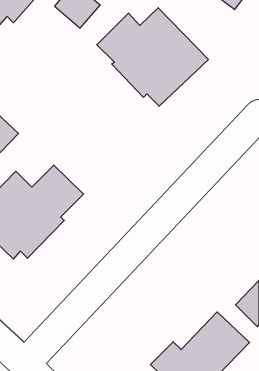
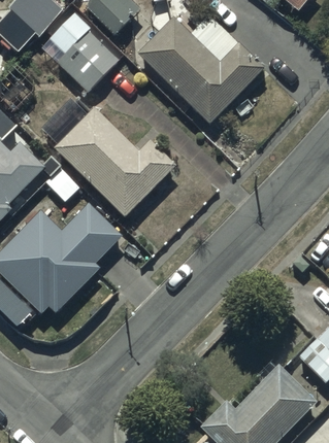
building: none -> [50,14,120,93]
building: none -> [47,107,175,220]

